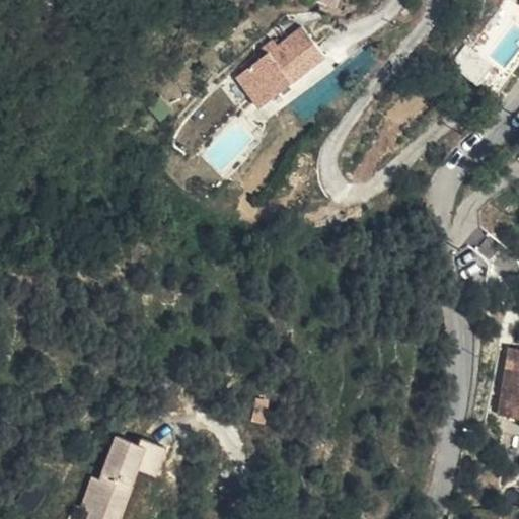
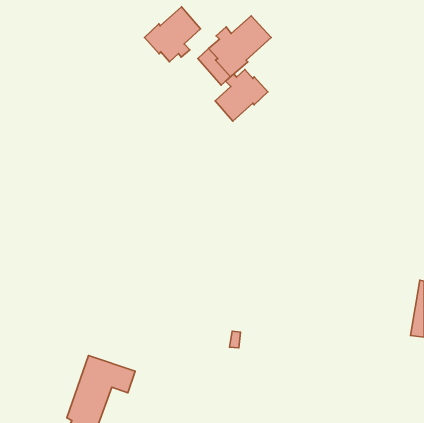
building: none -> [145,7,201,62]
building: none -> [215,69,268,121]

